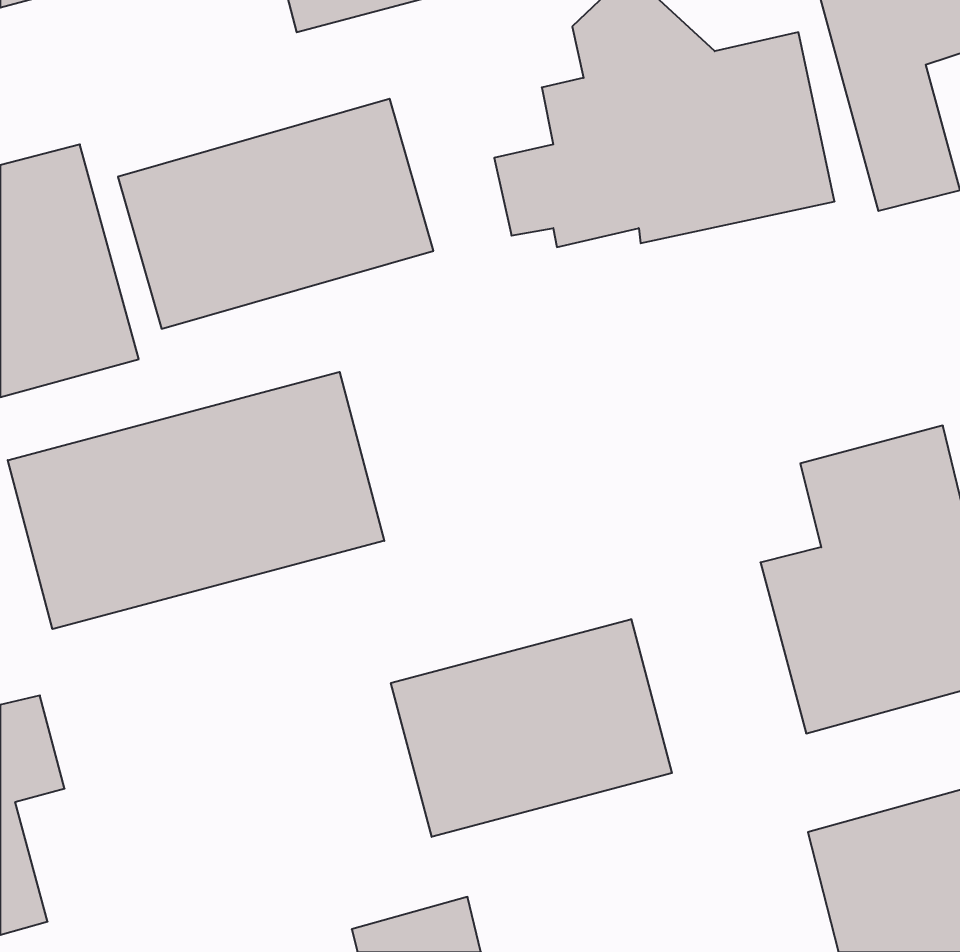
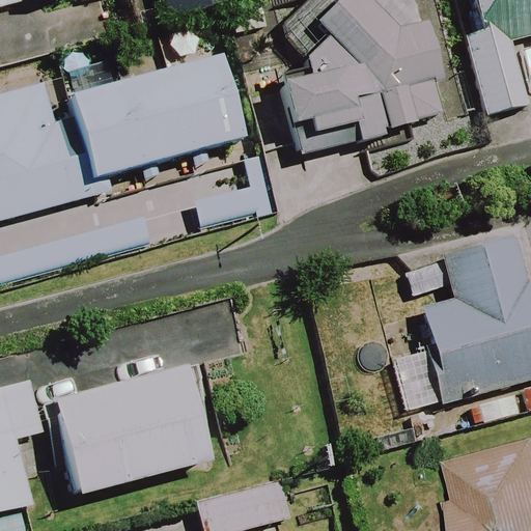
building: [8,372,384,629] -> none
building: [391,619,672,837] -> none
building: none -> [53,365,209,495]

